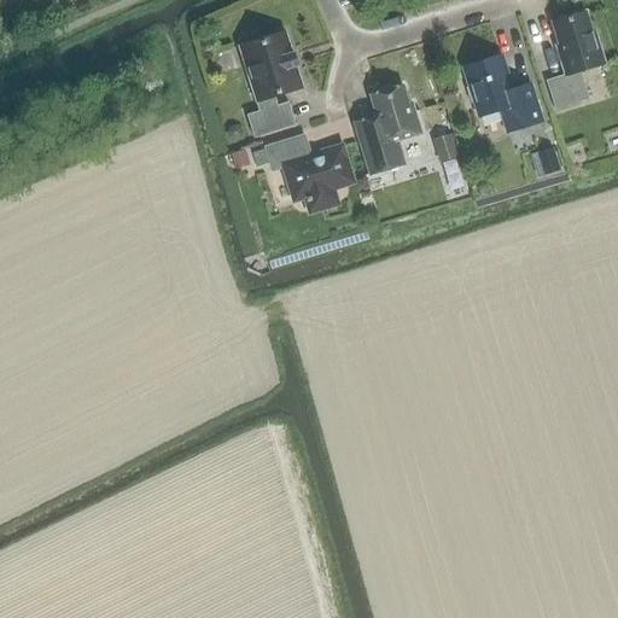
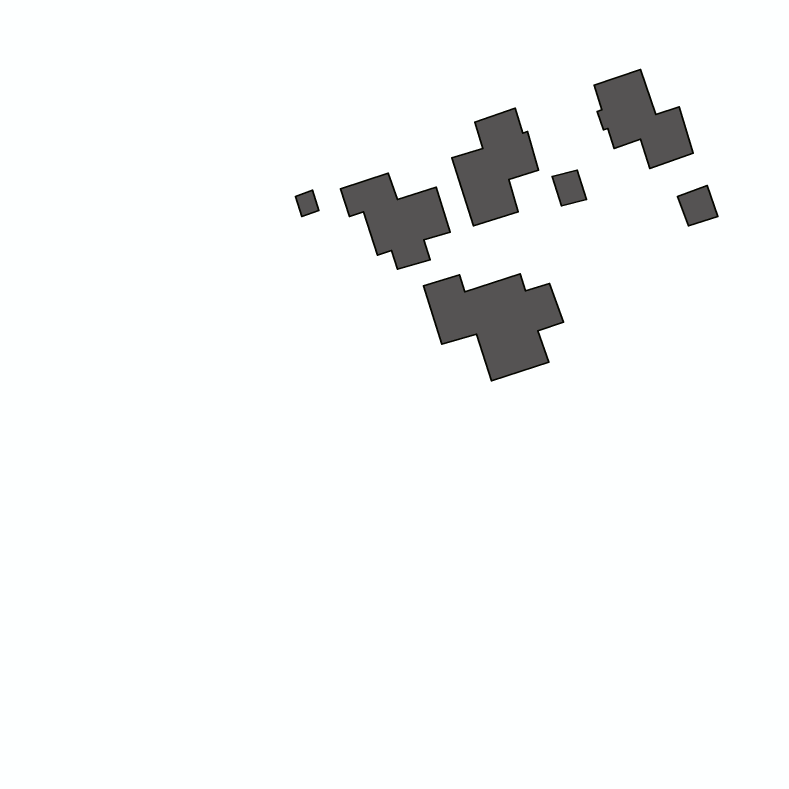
building: [547,11,605,109] -> none
building: [239,31,303,138] -> none
building: none -> [423,274,563,381]

